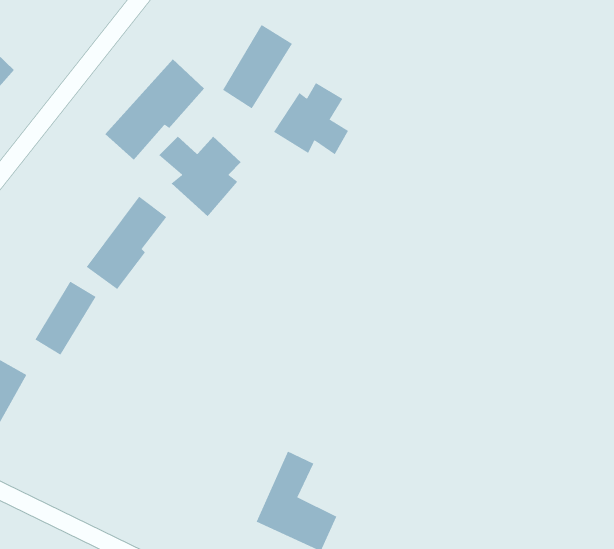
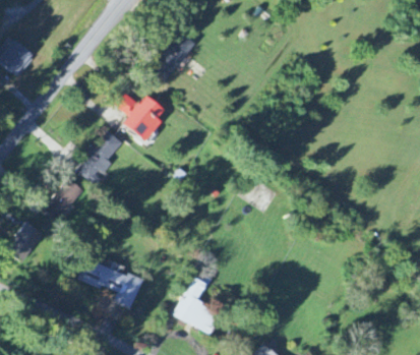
building: [105,59,205,161] -> none
building: [273,82,349,155] -> none
building: none -> [80,258,142,308]

